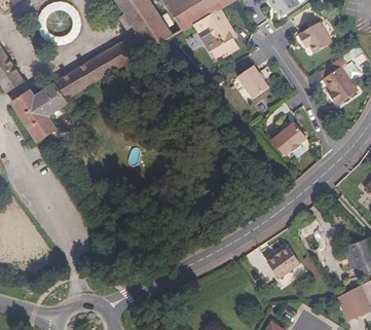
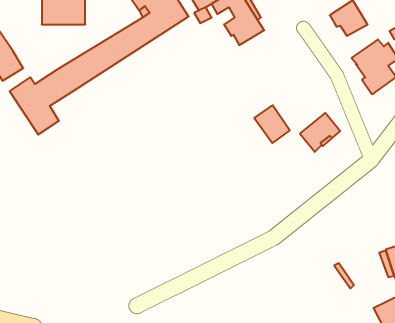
building: [236,65,268,99] -> [254,105,290,143]
building: [266,246,300,279] -> none

